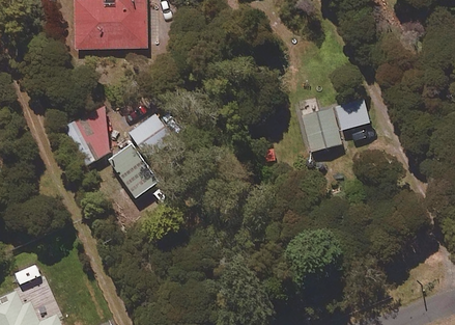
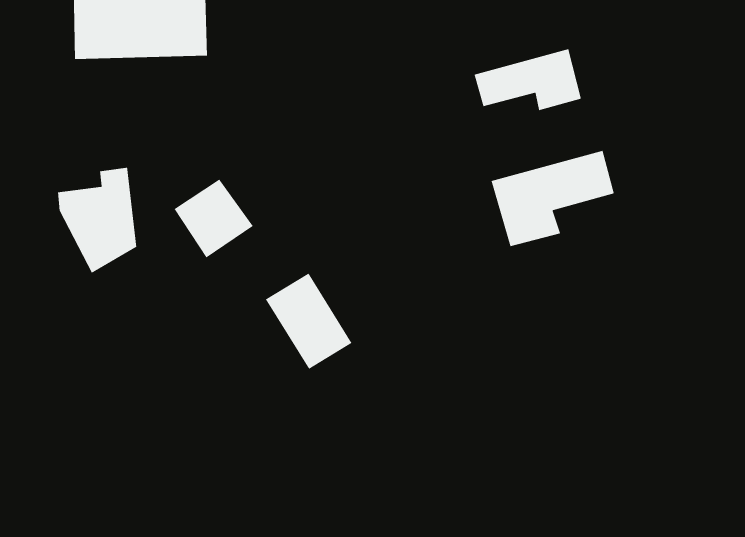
building: none -> [474,48,582,111]
building: [110,143,158,196] -> [265,273,353,370]

